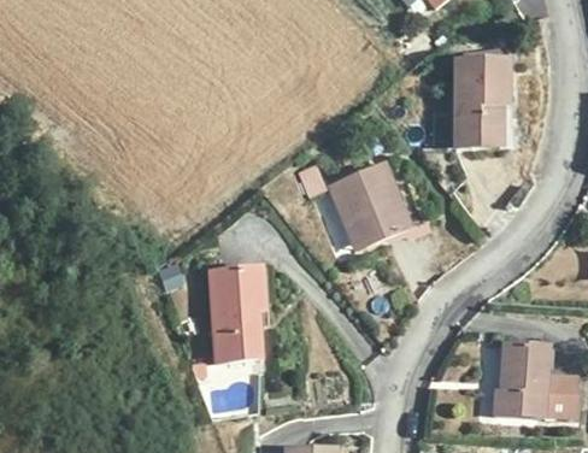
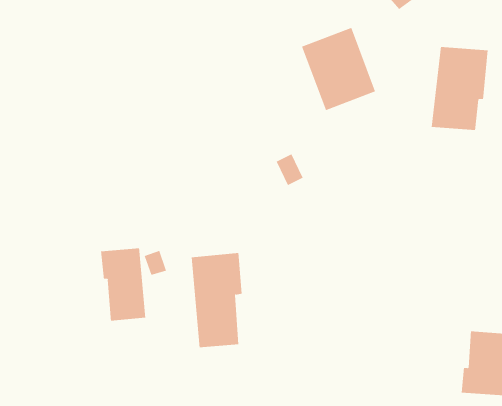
building: [329,161,407,249] -> [301,27,376,111]
building: none -> [101,247,146,322]

